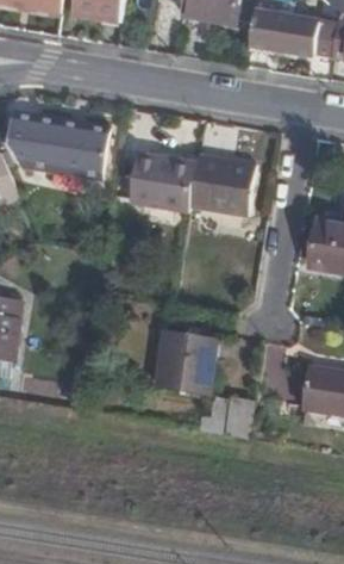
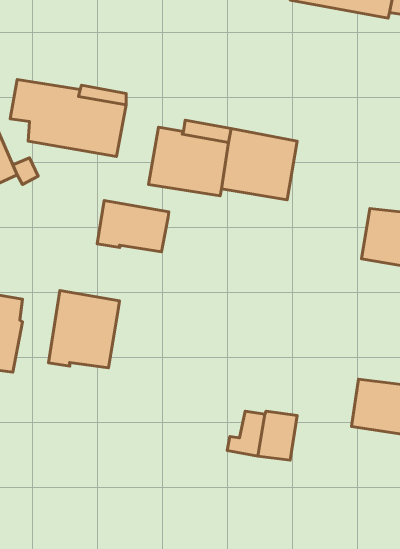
building: none -> [97,201,169,252]
building: none -> [49,291,119,368]
building: [156,329,214,395] -> none

